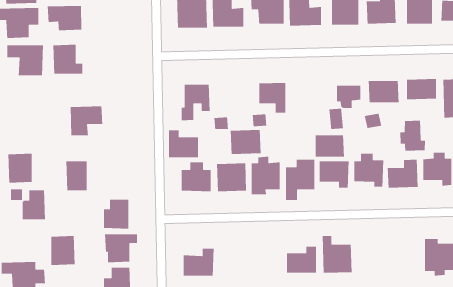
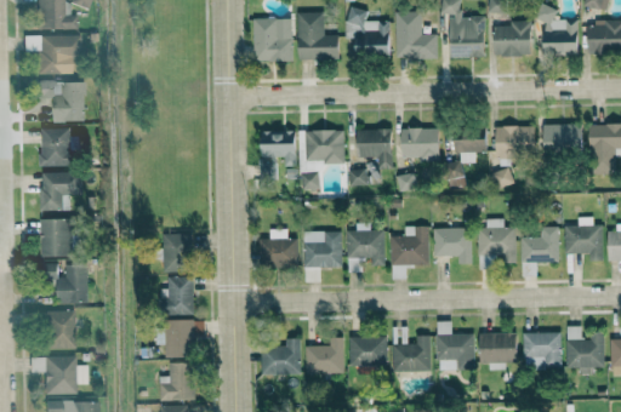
building: [47,5,82,31] -> none
building: [52,44,83,74] -> [40,127,79,166]
building: [70,106,103,136] -> [40,172,82,211]
building: [399,120,426,151] -> none
building: [230,129,261,155] -> [304,130,344,162]
building: [168,129,199,158] -> none
building: [315,135,345,158] -> [401,128,439,158]
building: [65,161,87,191] -> [163,233,190,271]
building: [51,235,76,266] -> [44,310,75,349]
building: none -> [479,332,518,362]
building: none -> [523,332,562,367]
building: none -> [304,334,343,373]
building: none -> [348,336,387,366]

